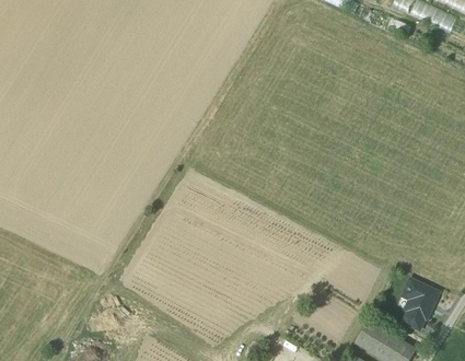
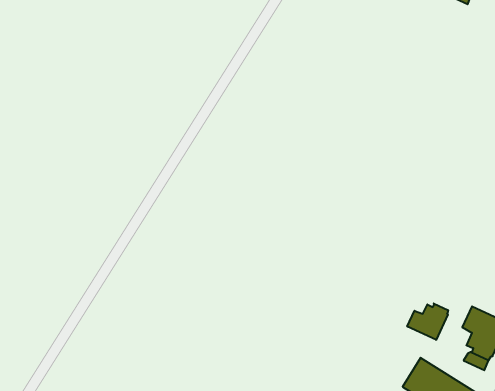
building: none -> [407,303,448,340]

